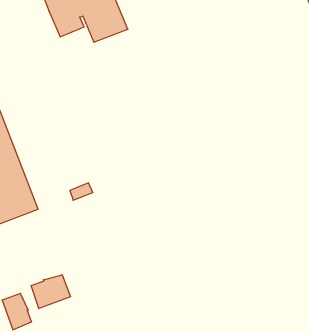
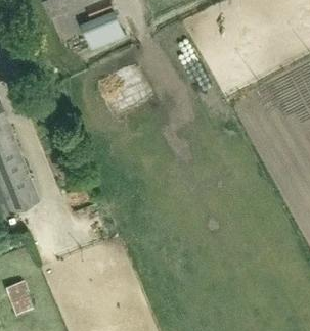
building: [31,275,71,309] -> none

